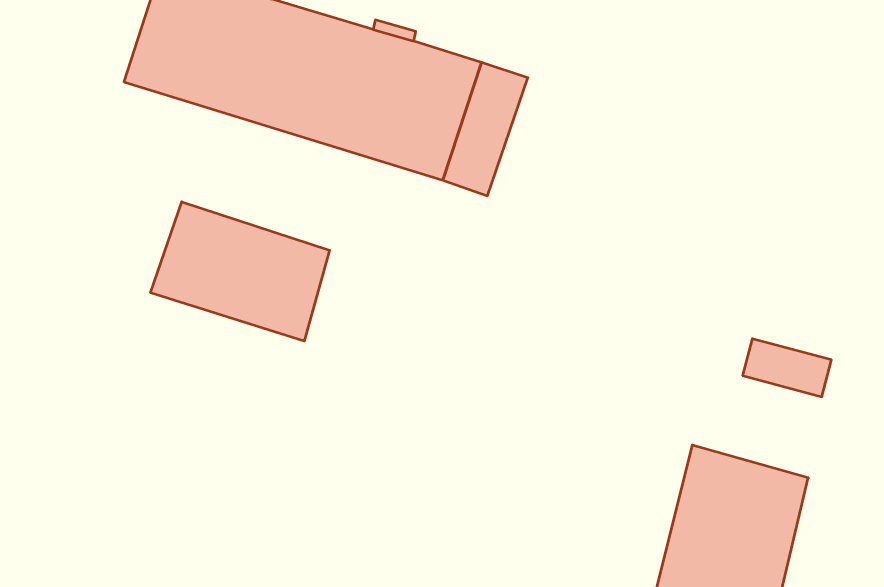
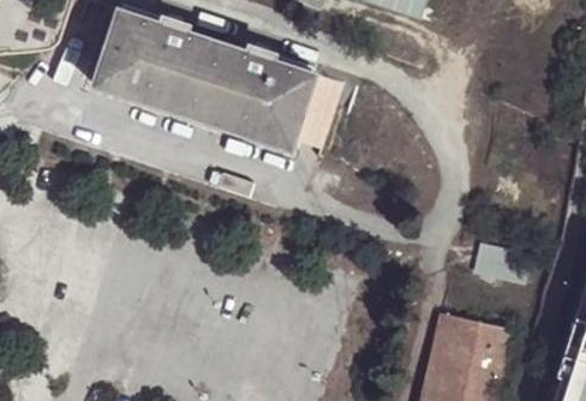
building: [151,202,330,341] -> none

